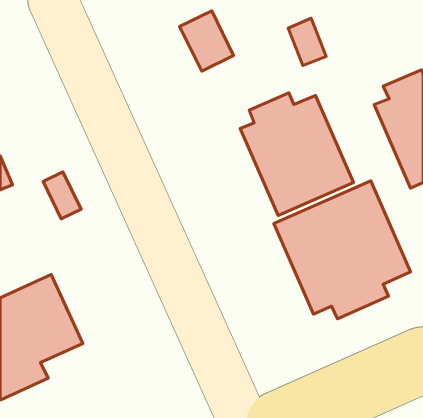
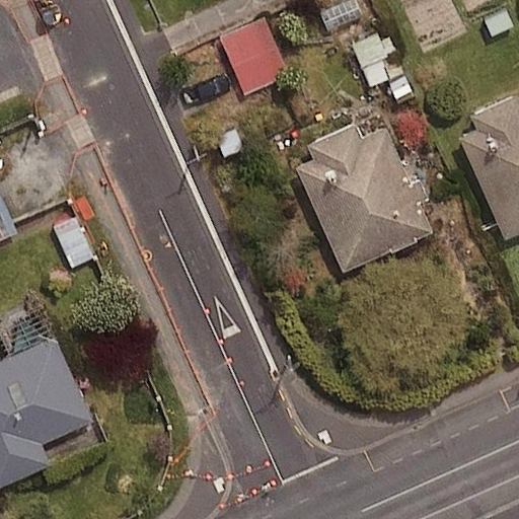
building: [274,181,411,319] -> none

